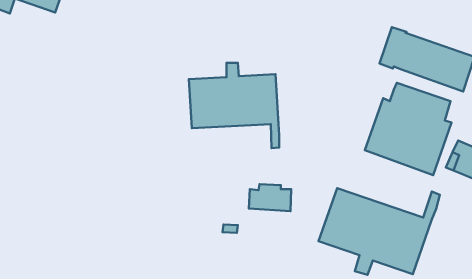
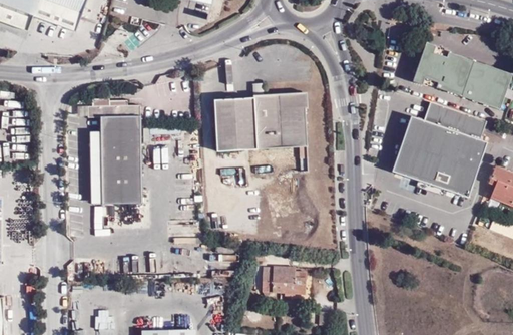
building: none -> [87,97,142,203]
building: [249,184,291,211] -> [262,265,306,293]
building: [319,188,440,275] -> none

